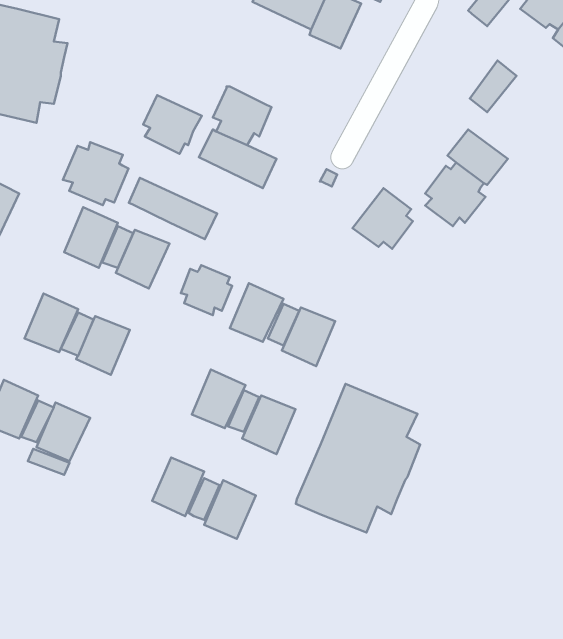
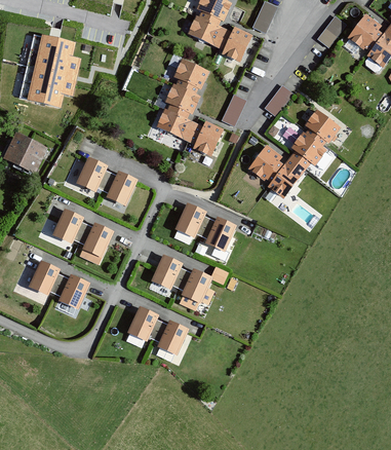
building: [470,60,517,112] -> [265,85,292,116]
building: [143,95,202,154] -> [173,60,208,95]
building: none -> [221,95,245,127]
building: [63,142,128,205] -> none
building: none -> [192,121,223,157]
building: [129,178,217,239] -> none
building: none -> [268,155,307,198]
building: [181,265,232,315] -> none
building: [296,384,420,533] -> none

